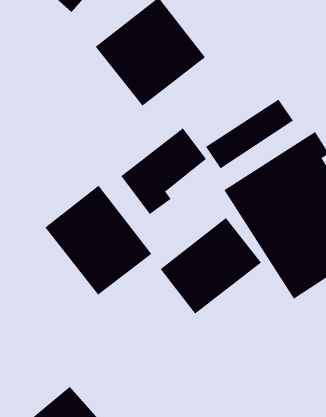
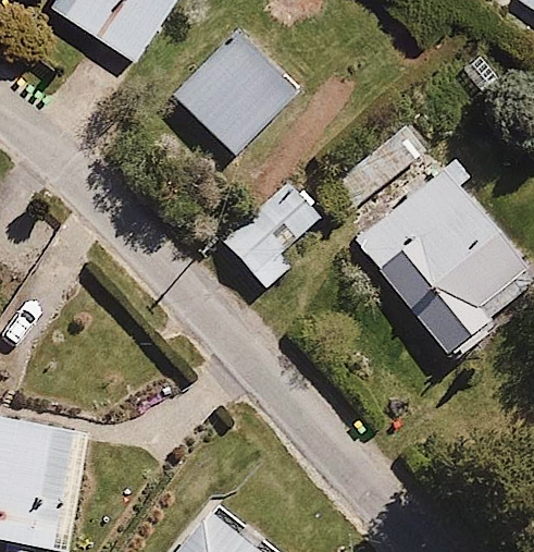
building: [44,185,152,296] -> none
building: [160,217,262,315] -> none

